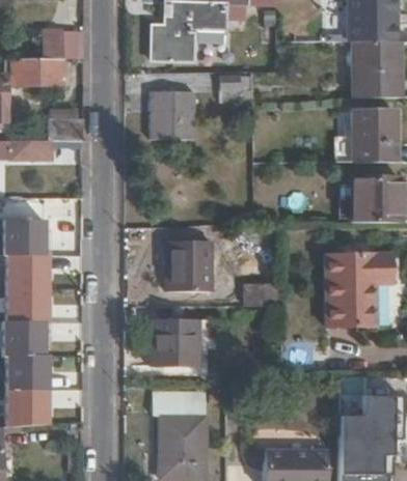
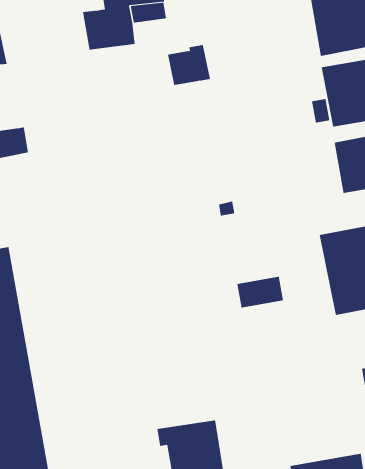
building: [150,89,195,138] -> none
building: [166,239,213,291] -> none
building: [151,317,199,367] -> none

